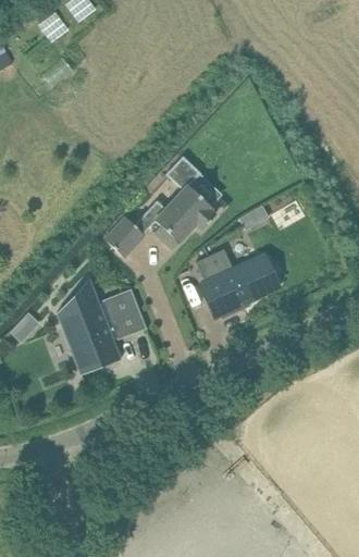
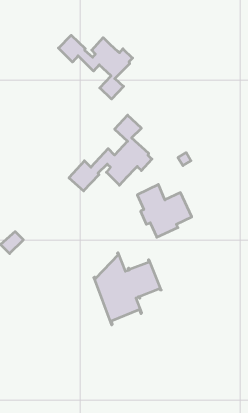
building: none -> [58,35,133,99]
building: [57,277,147,374] -> [94,253,161,325]

